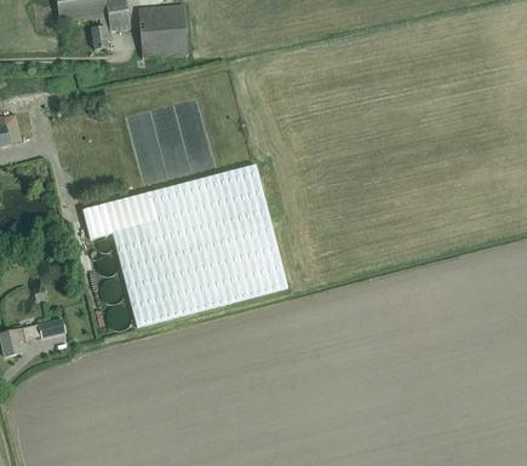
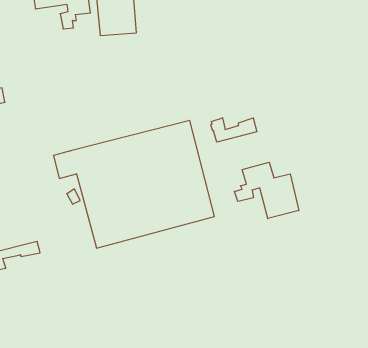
building: none -> [211,118,257,142]
building: none -> [234,162,299,219]

